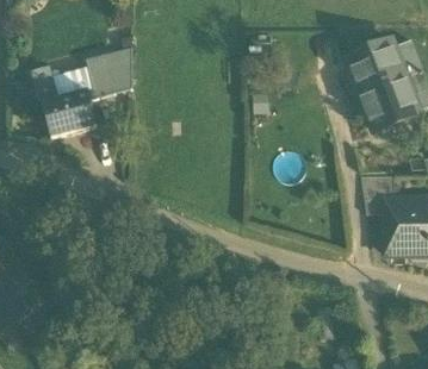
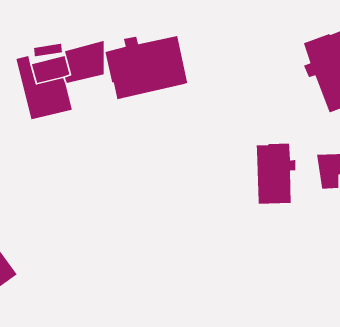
building: none -> [105,35,188,100]
building: none -> [256,143,296,204]

